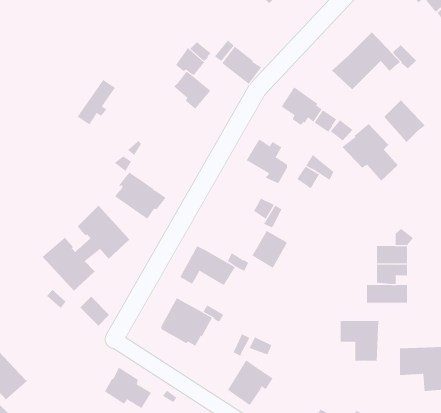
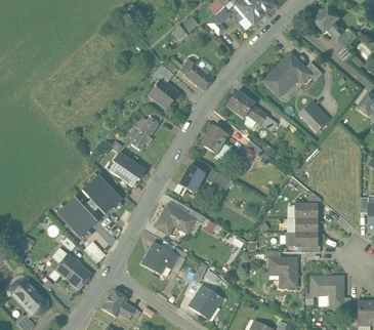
building: [77,79,116,125] -> [131,117,159,150]
building: [342,123,398,181] -> none
building: [252,229,288,268] -> [179,165,205,193]
building: none -> [48,253,92,289]

